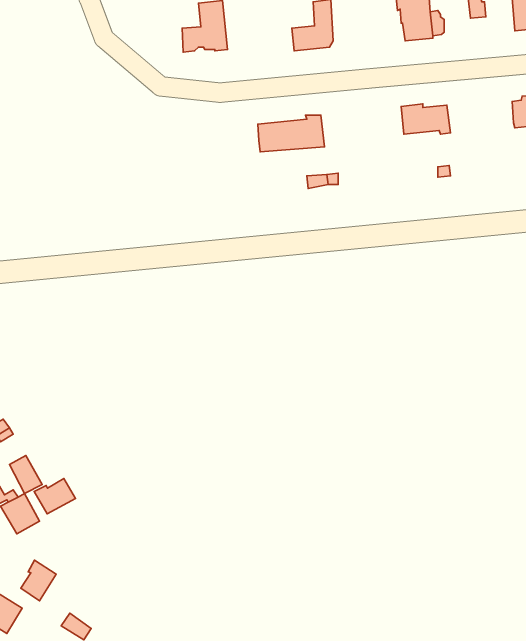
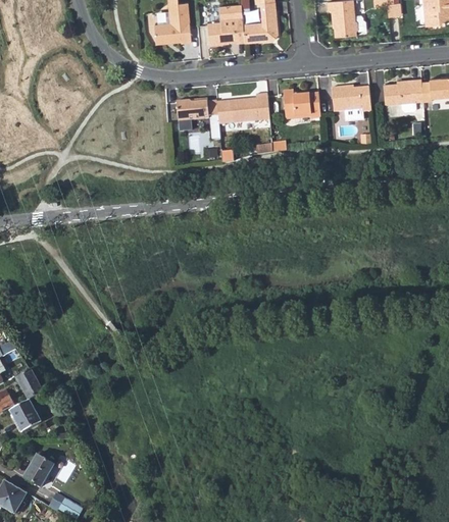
building: none -> [207,5,245,45]
building: none -> [382,76,422,110]
building: none -> [285,92,320,118]
building: none -> [178,99,216,120]
building: [34,478,76,514] -> none

